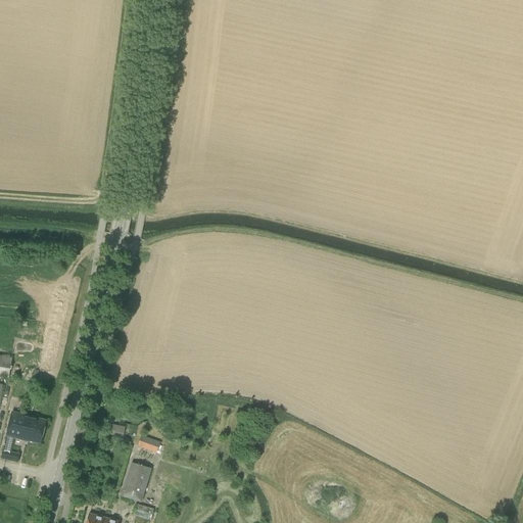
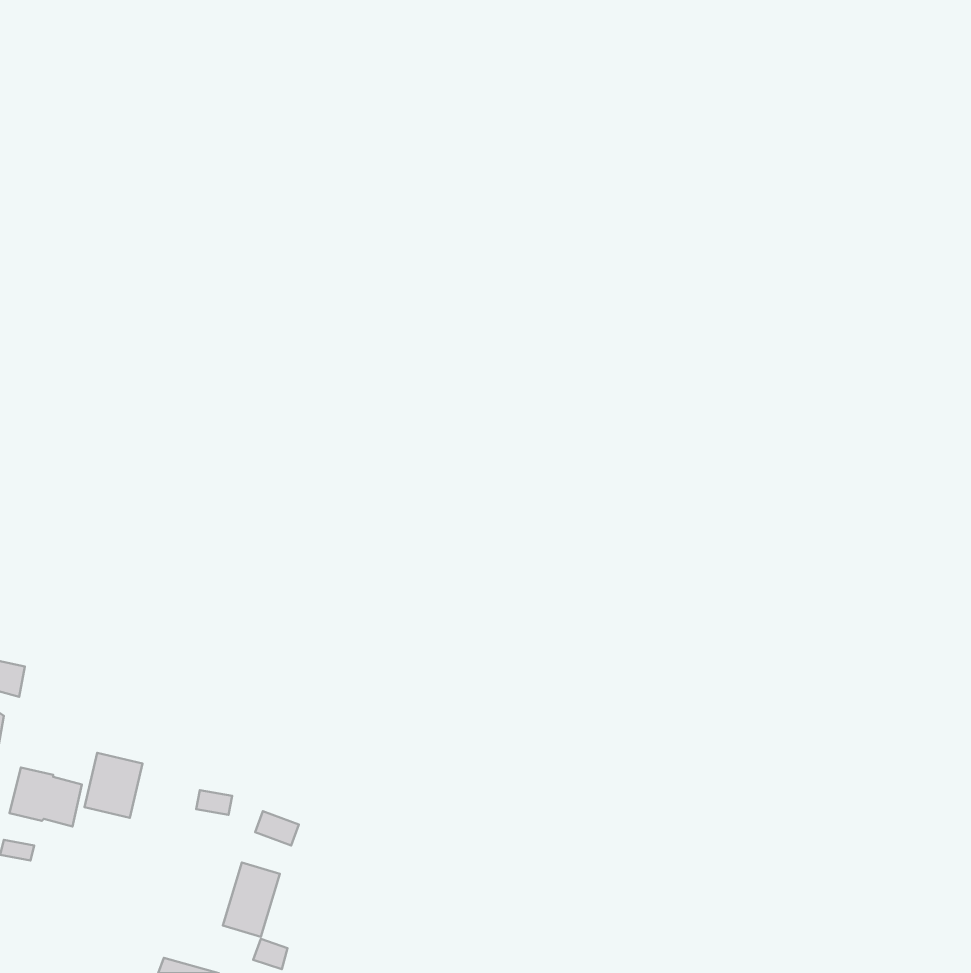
building: none -> [84,753,143,818]

